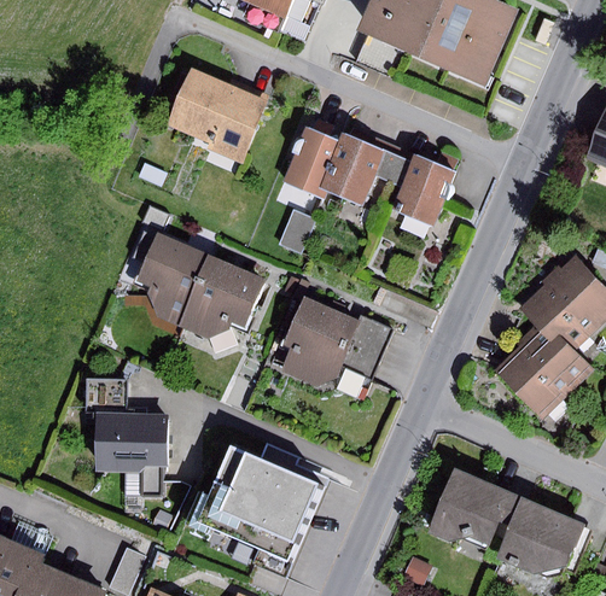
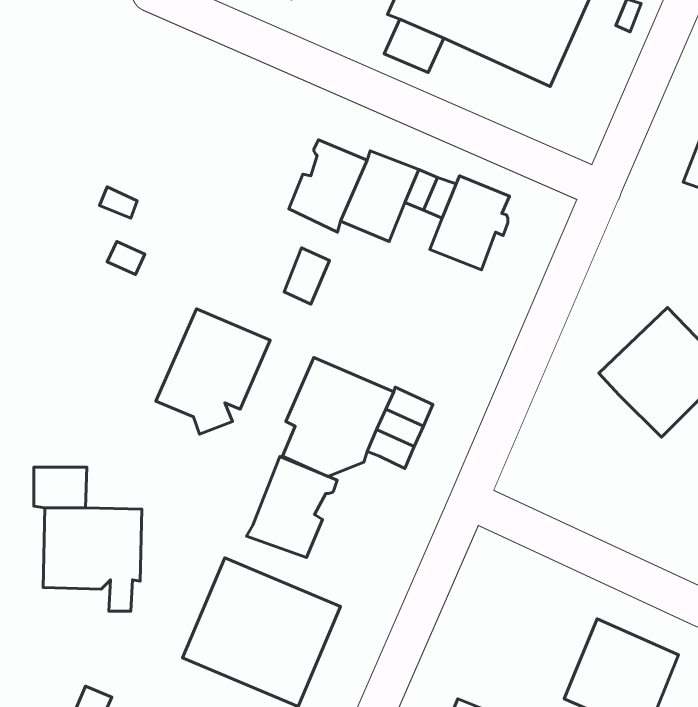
building: [168,69,270,163] -> none
building: [139,234,211,328] -> none
building: [491,323,585,417] -> none
building: none -> [246,457,337,558]
building: [426,469,520,544] -> none

